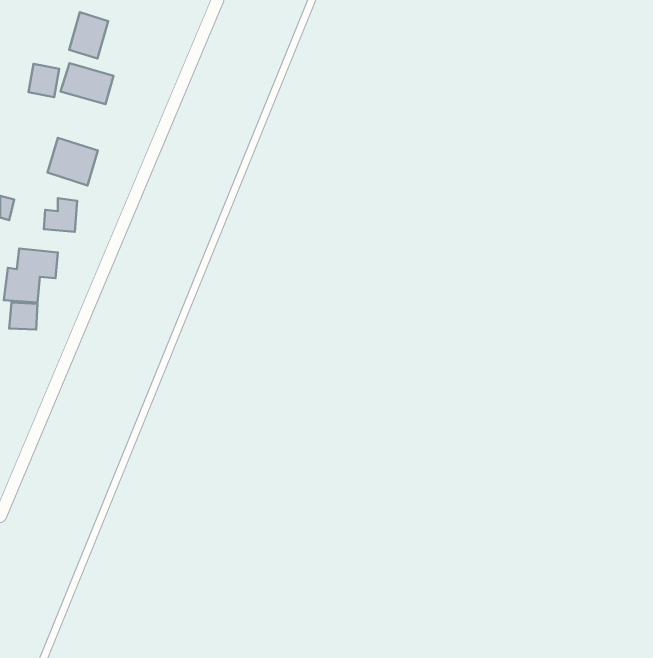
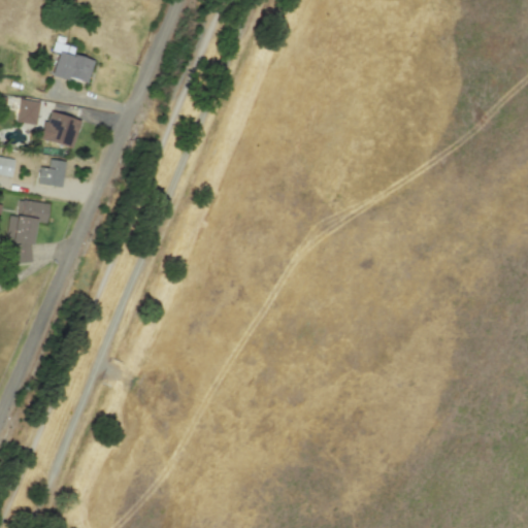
building: [69,12,108,59] -> none
building: [28,64,59,97] -> [18,98,42,125]

